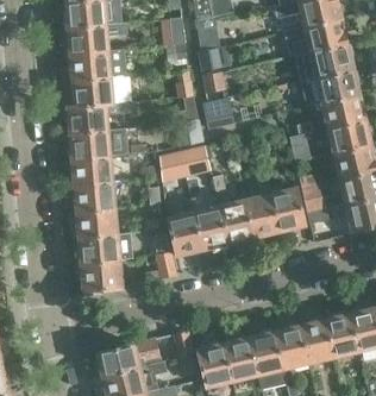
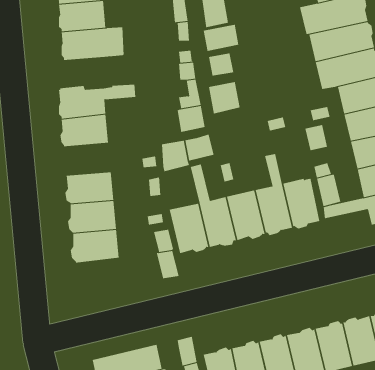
building: [67,75,126,106] -> none
building: [69,155,114,184] -> none
building: [81,259,124,295] -> none

